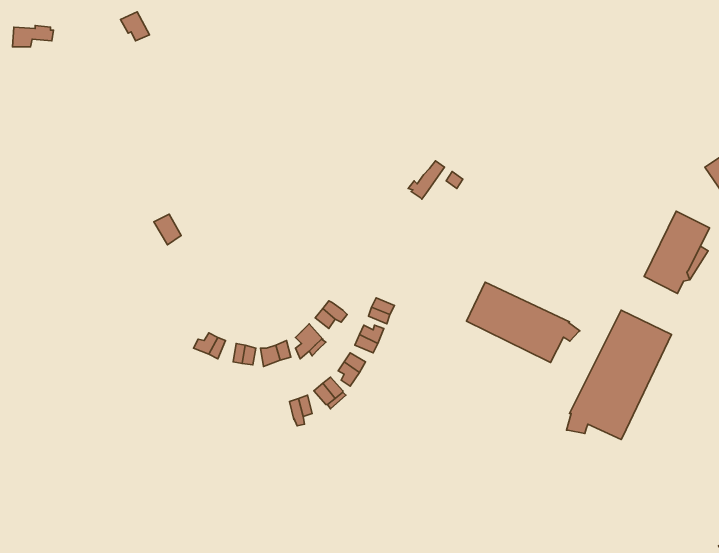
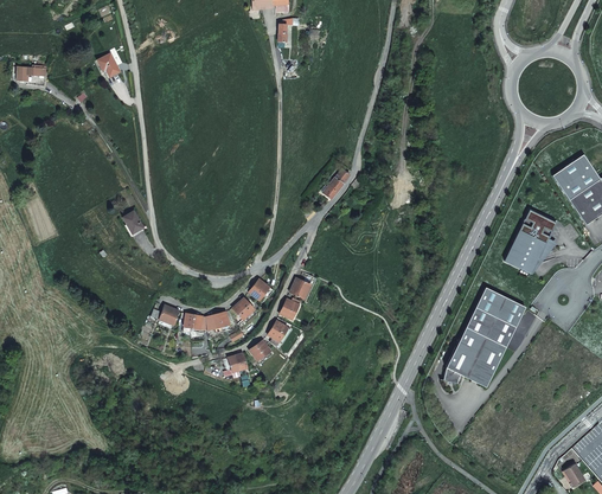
building: [466,282,580,362] -> none

